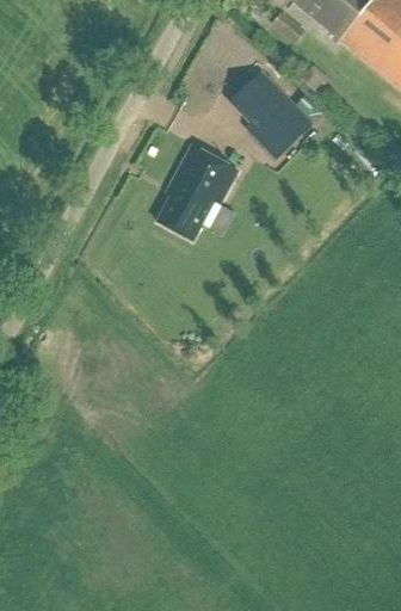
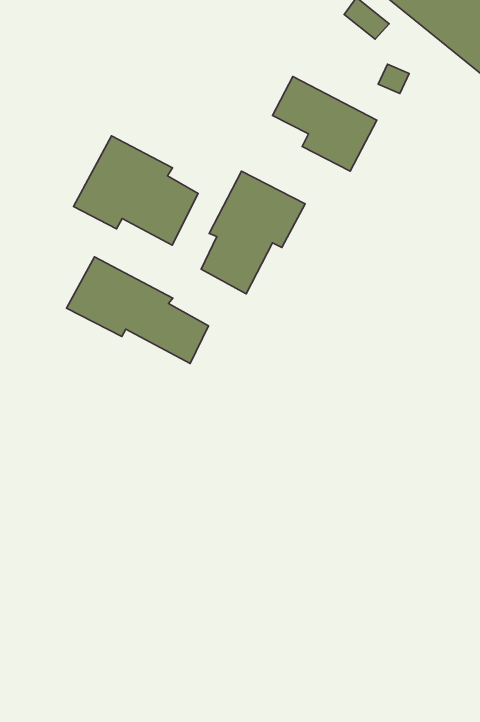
building: none -> [73,136,198,245]
building: none -> [67,257,208,363]

